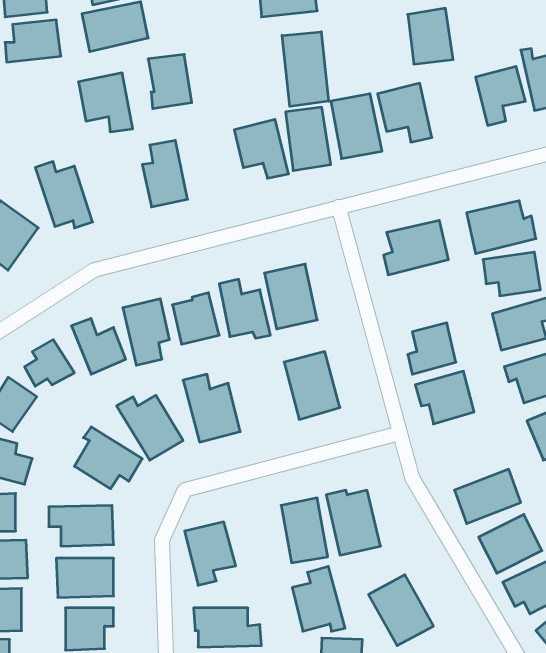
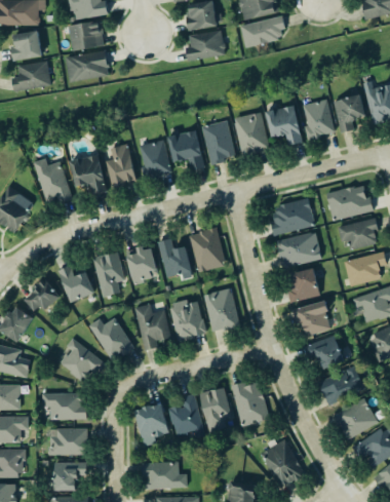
building: [408,8,453,64] -> [303,100,334,138]
building: [282,32,329,106] -> none
building: [148,54,192,109] -> [140,141,169,178]
building: [78,73,133,132] -> [70,154,107,194]
building: none -> [277,233,321,266]
building: none -> [168,299,205,341]
building: none -> [303,335,344,370]
building: [292,566,345,631] -> [168,393,204,437]

